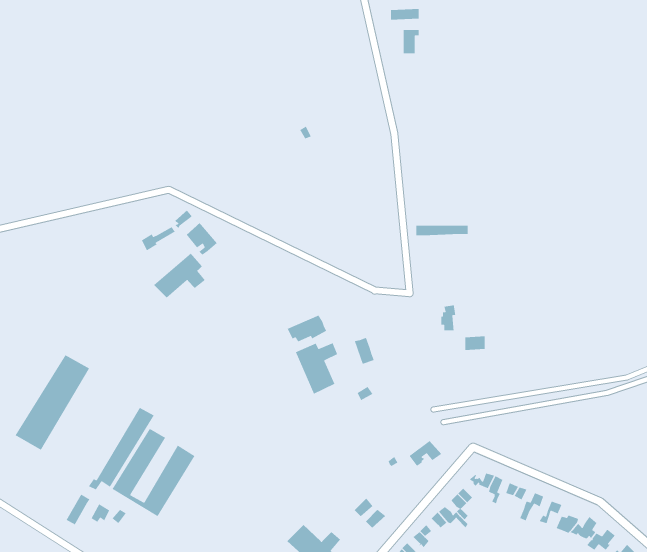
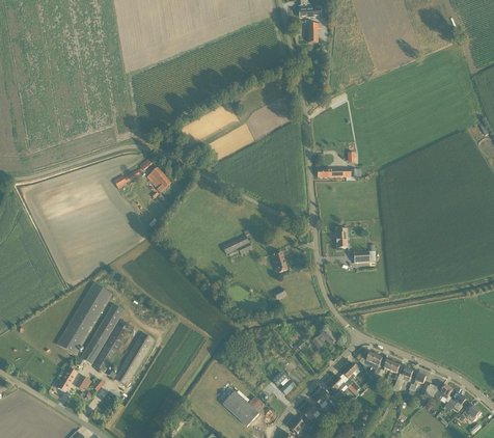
building: [153,252,206,299] -> none
building: [295,342,338,395] -> none
building: [15,354,90,451] -> [55,282,111,354]

